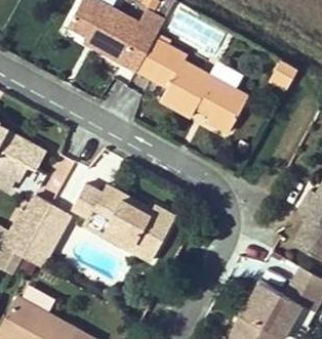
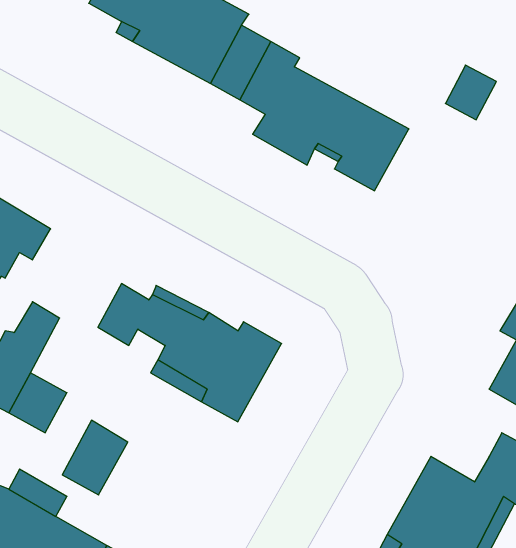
building: [35,203,72,245] -> [62,420,128,495]

